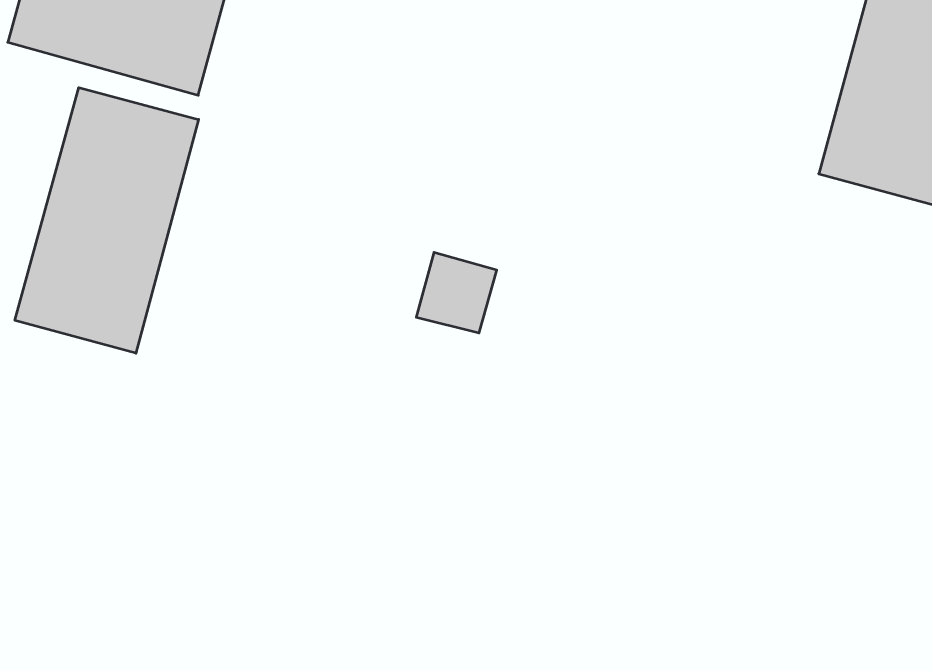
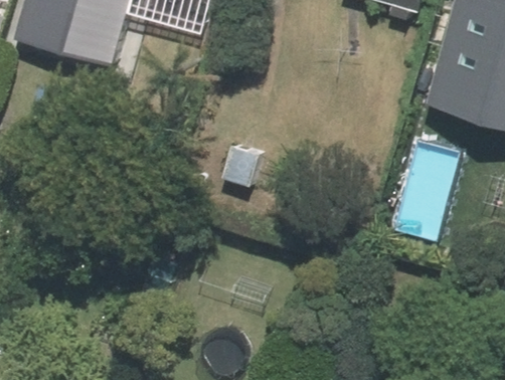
building: [15,88,199,353] -> none

